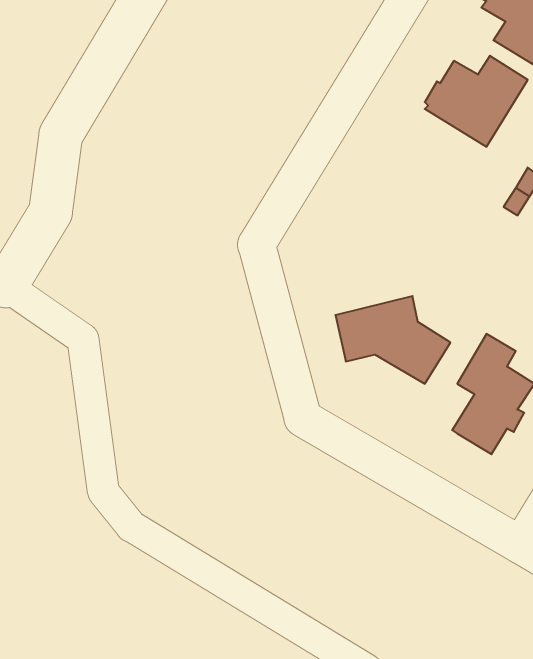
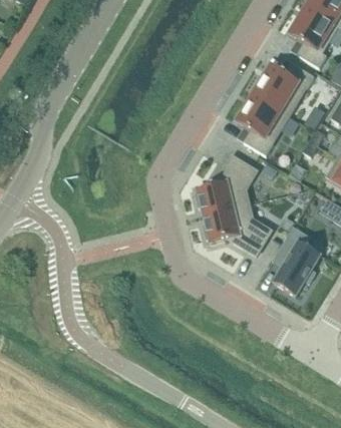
building: none -> [239,93,292,155]
building: none -> [197,154,257,213]

